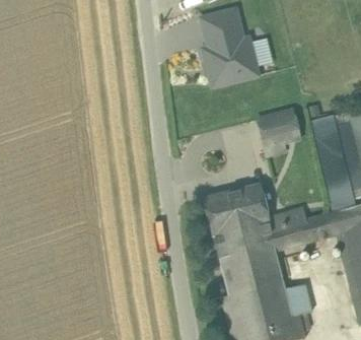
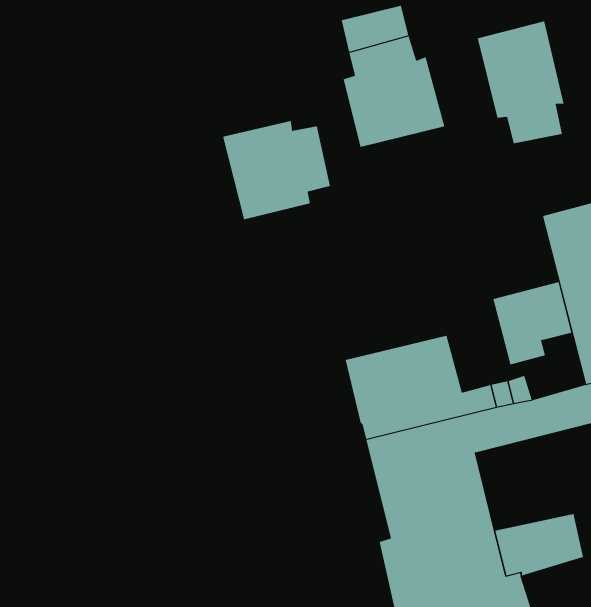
building: none -> [477,21,564,144]
building: none -> [222,120,330,220]
building: [258,109,300,153] -> [493,282,572,365]

